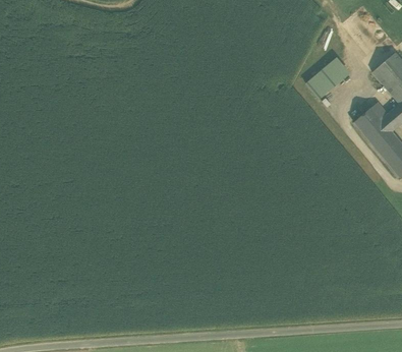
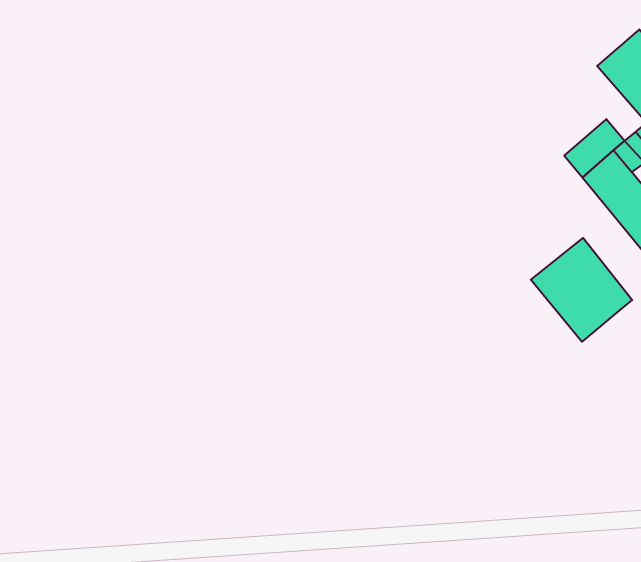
building: [305,59,349,100] -> none
building: none -> [531,238,632,342]

